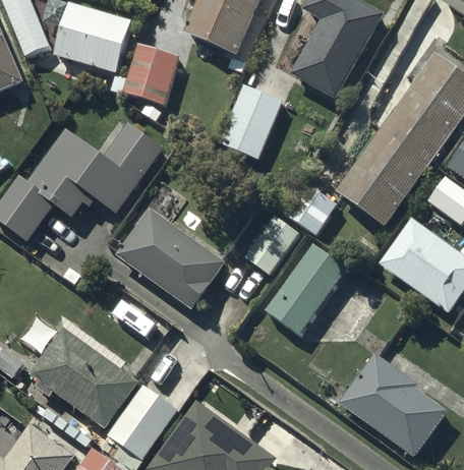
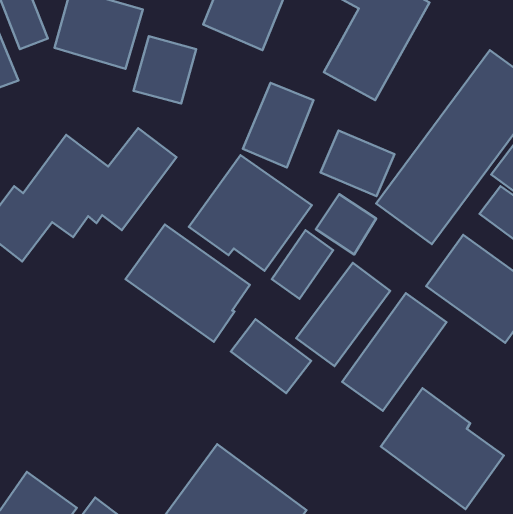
building: none -> [320,130,395,196]
building: none -> [189,155,312,271]
building: none -> [342,293,447,411]
building: none -> [231,319,311,393]
building: [19,315,137,428] -> none
building: [108,385,177,458] -> none

